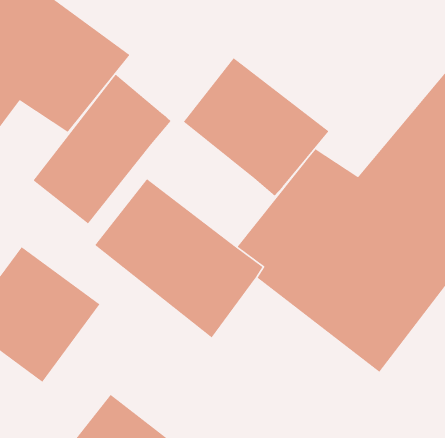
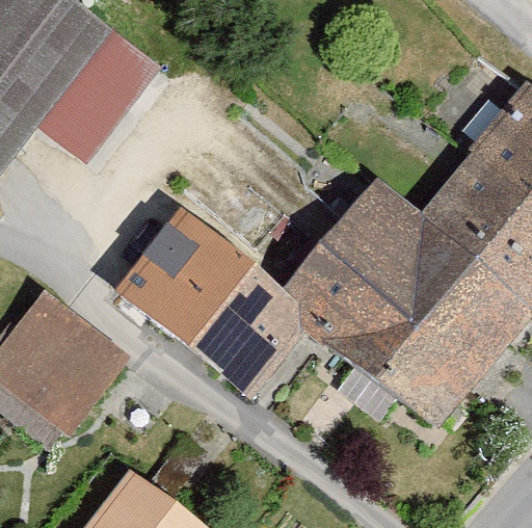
building: [183,57,329,196] -> none
building: [32,73,171,224] -> none

